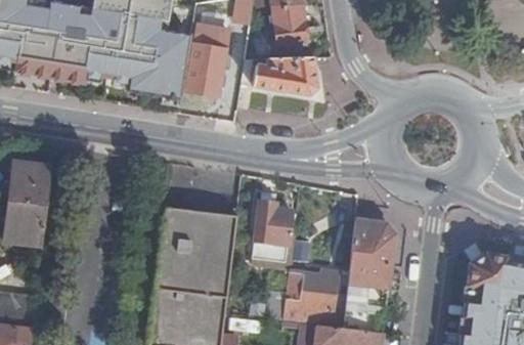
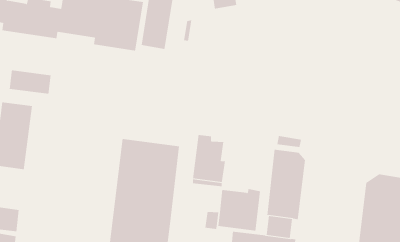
building: [253,55,316,94] -> none
building: none -> [9,70,51,94]

